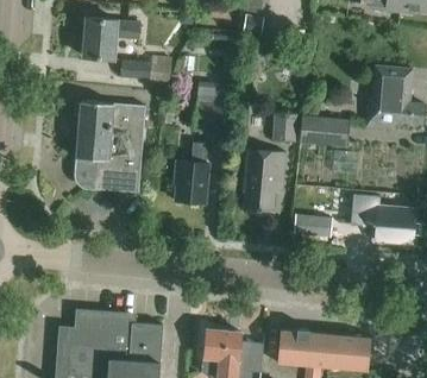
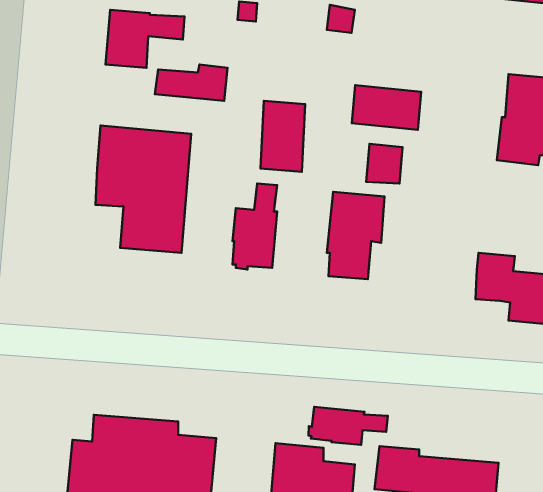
building: [299,115,348,147] -> [352,85,421,130]
building: [293,214,332,237] -> none
building: none -> [309,407,388,445]

